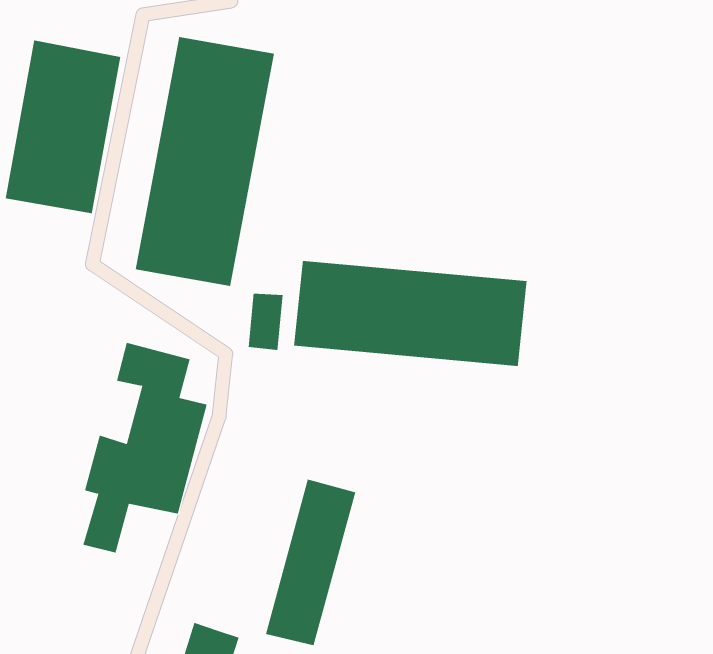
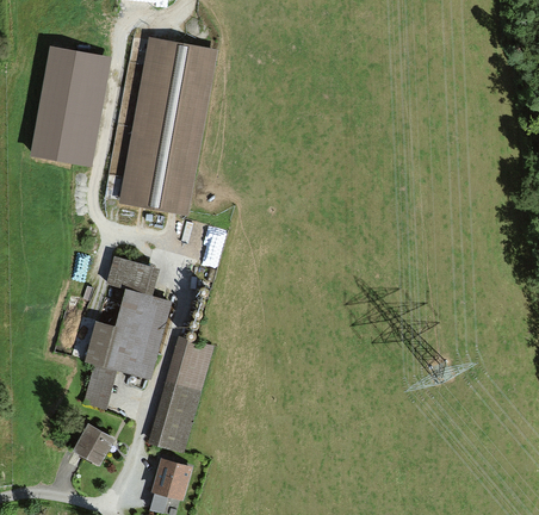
building: [293,260,527,367] -> none
building: [265,479,356,646] -> [148,335,212,453]
building: none -> [73,422,113,464]

